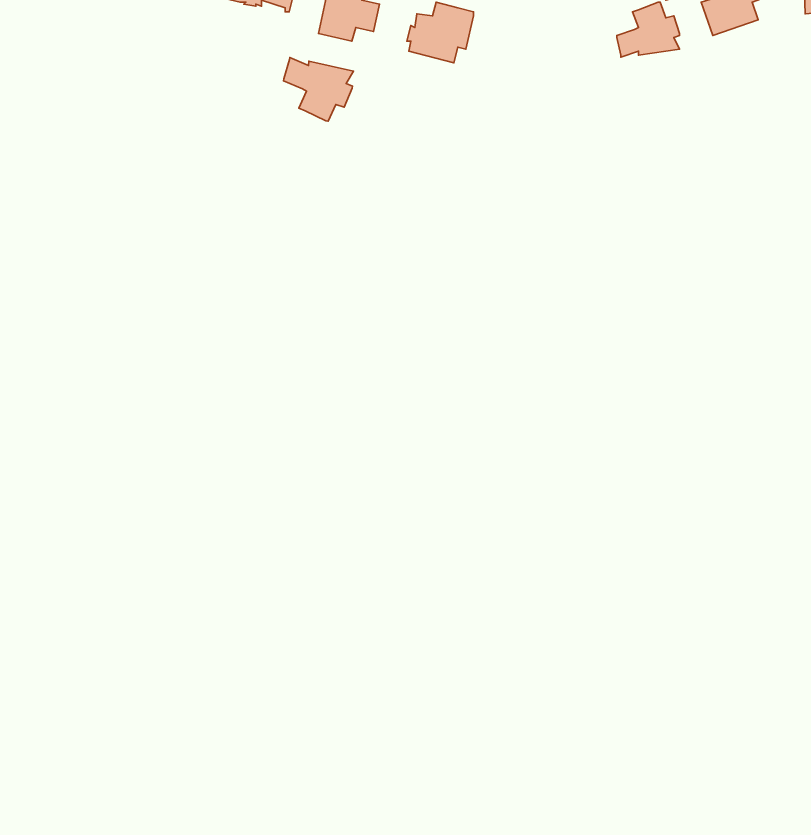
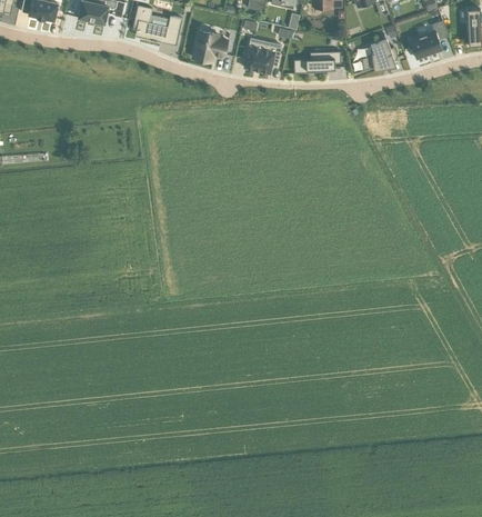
building: none -> [293,50,343,72]
building: [284,57,354,121] -> none

